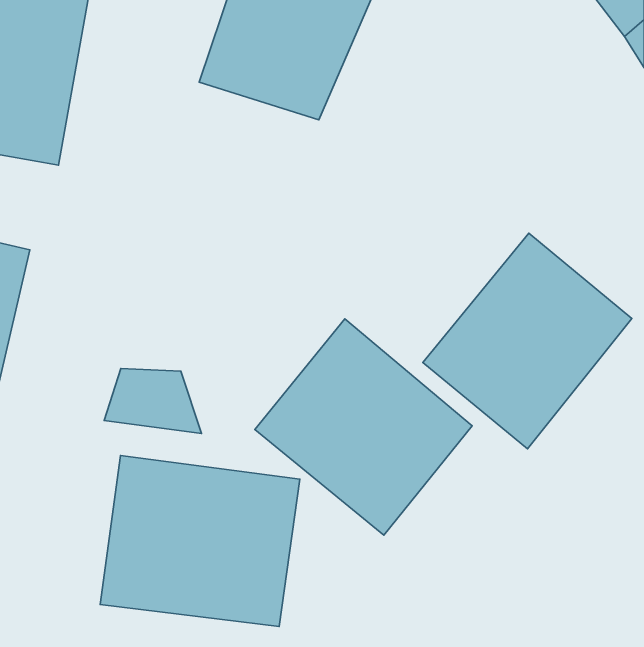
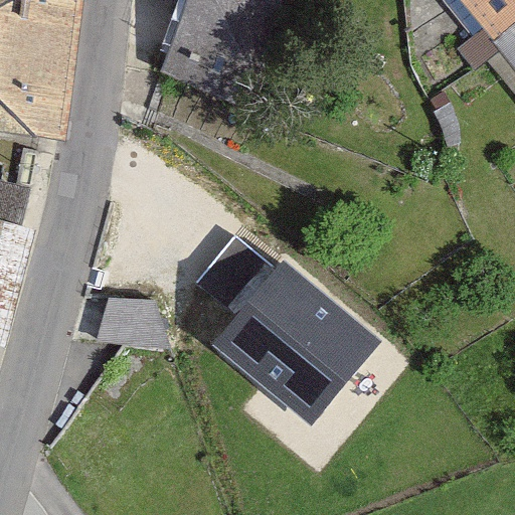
building: [423,233,632,449] -> none
building: [100,455,300,627] -> none

